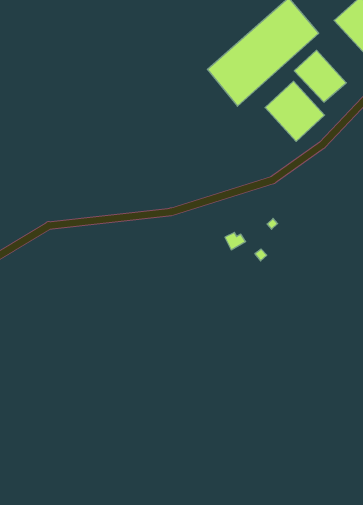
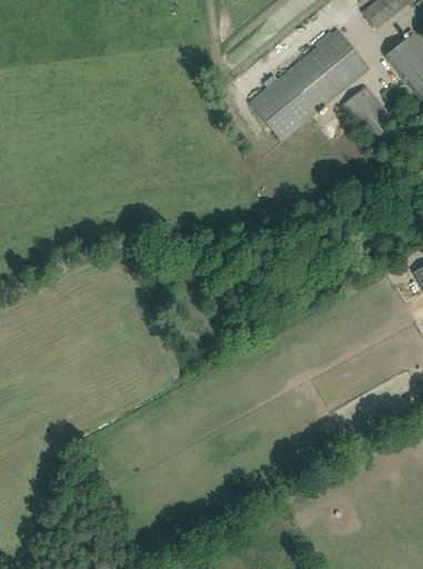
building: [265,81,325,141] -> none

